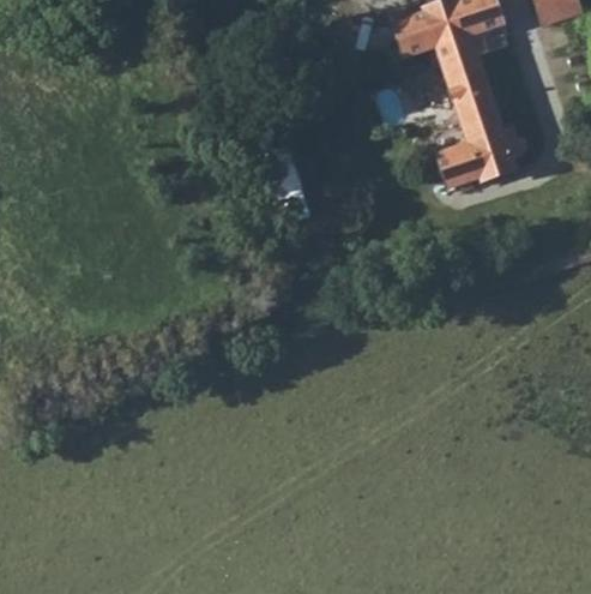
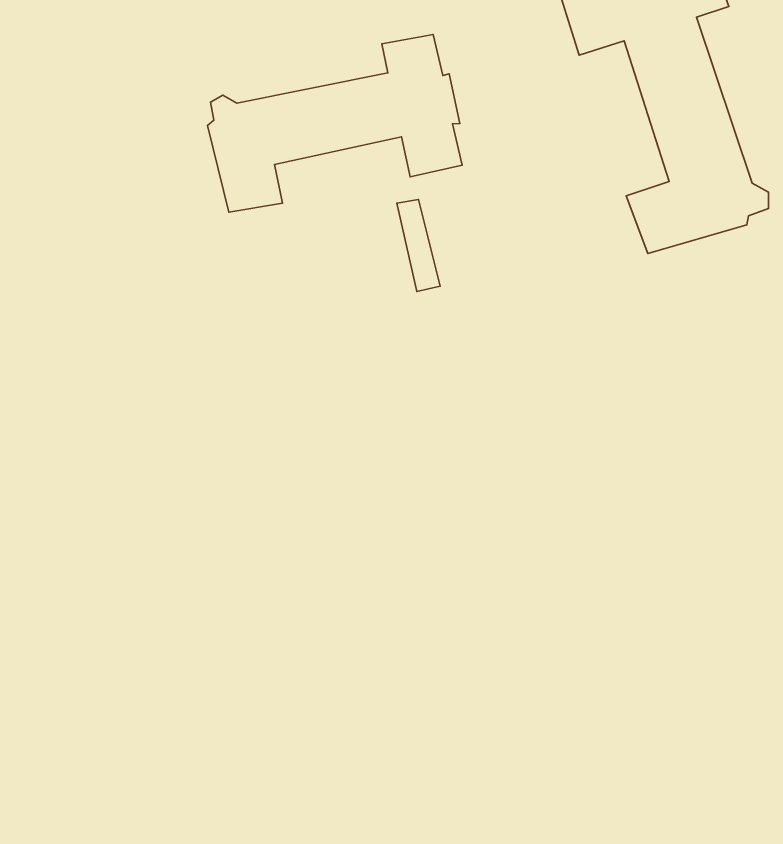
building: none -> [208,34,462,212]

